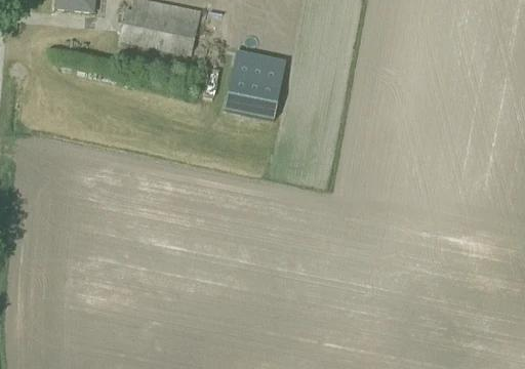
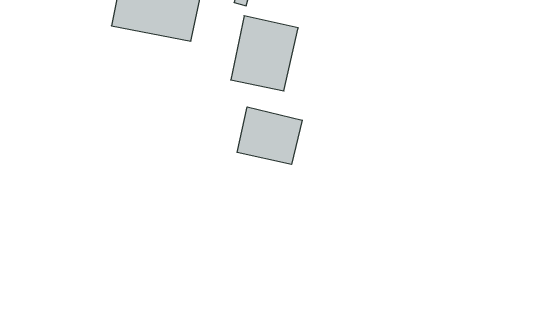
building: none -> [237,107,302,164]

